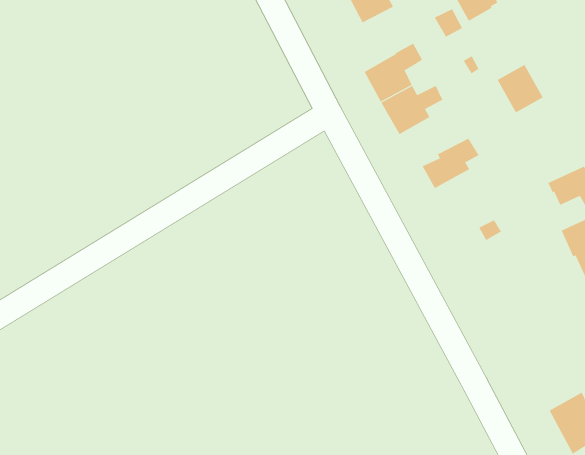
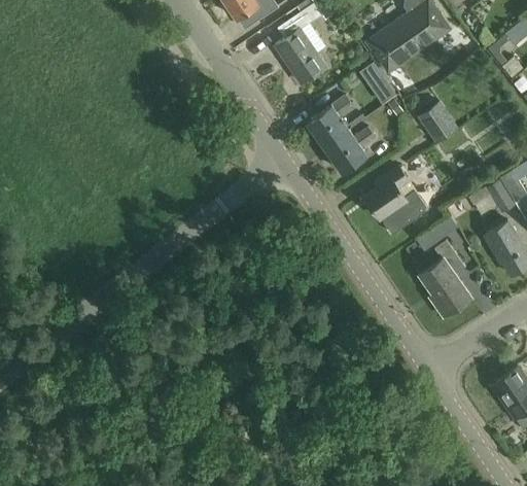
building: none -> [376,193,427,234]
building: none -> [419,241,470,317]

